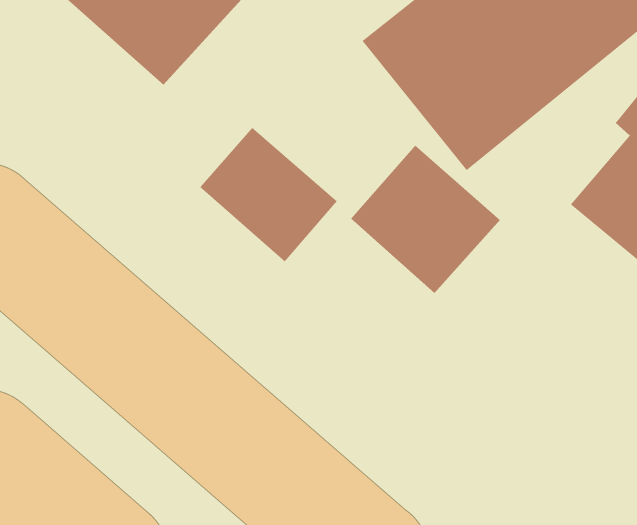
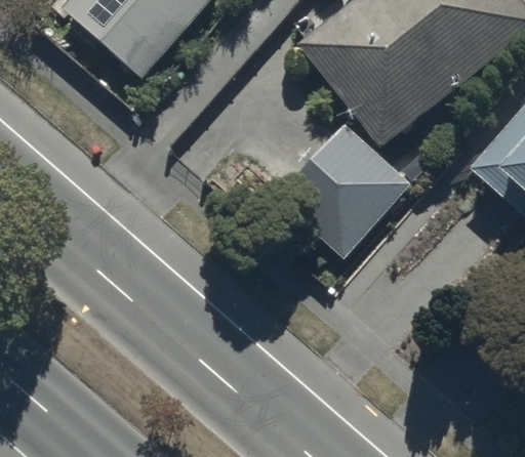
building: [199,127,338,263] -> none

